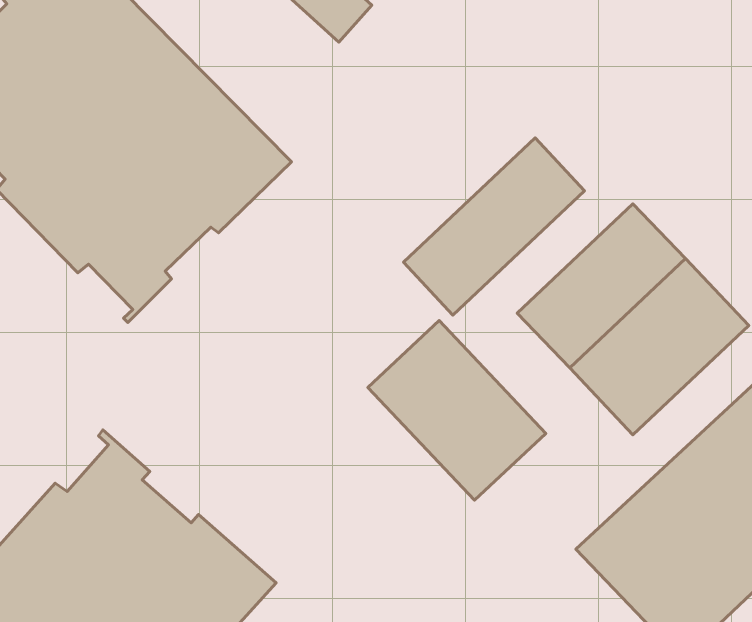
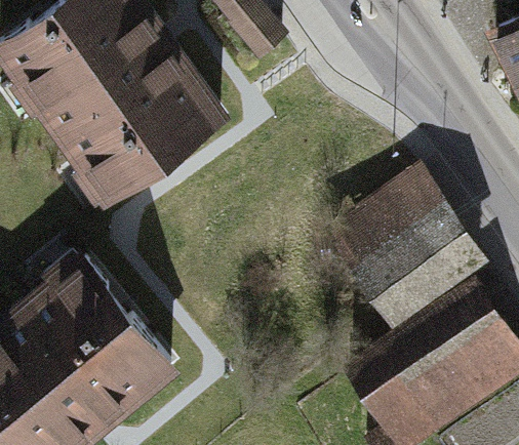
building: [404,138,585,315] -> none
building: [368,321,546,500] -> none

